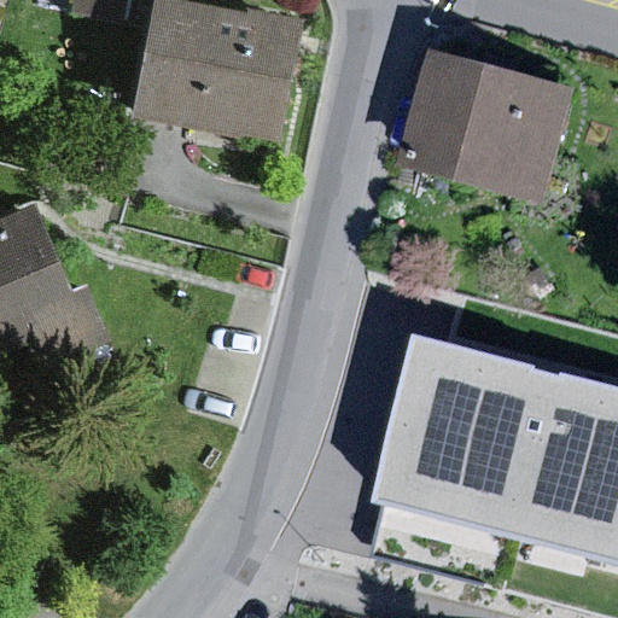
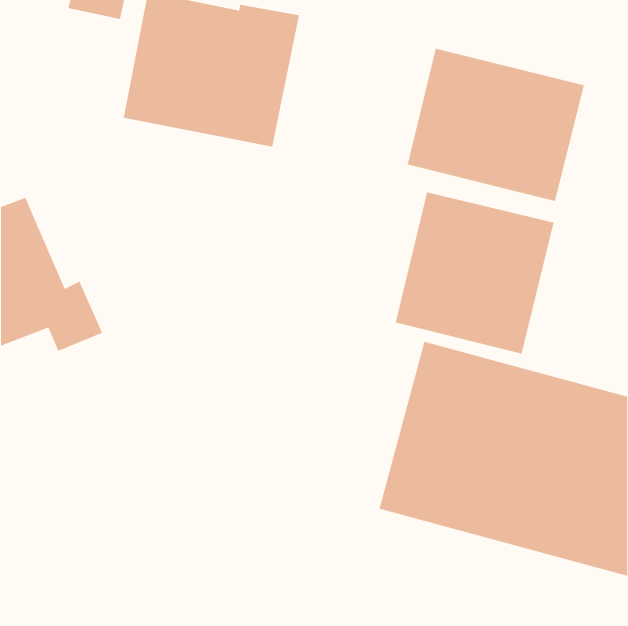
building: none -> [395,191,555,354]

